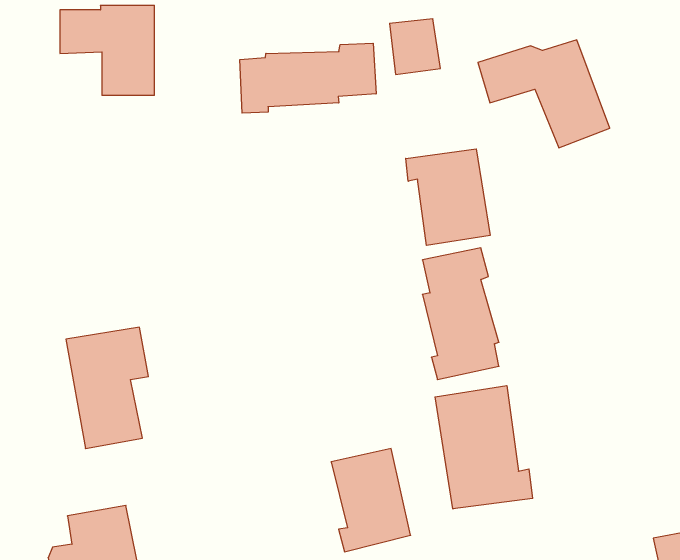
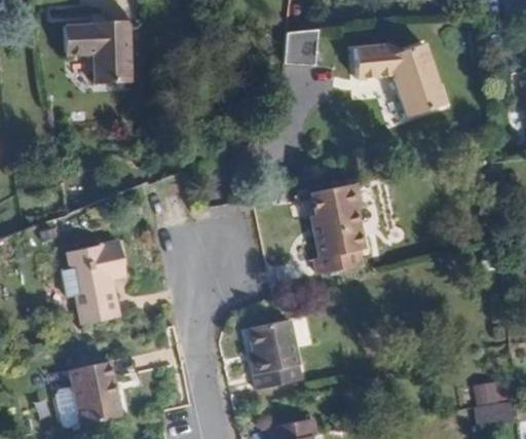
building: [240,43,376,113] -> none
building: [406,149,490,245] -> none
building: [435,386,533,509] -> none

